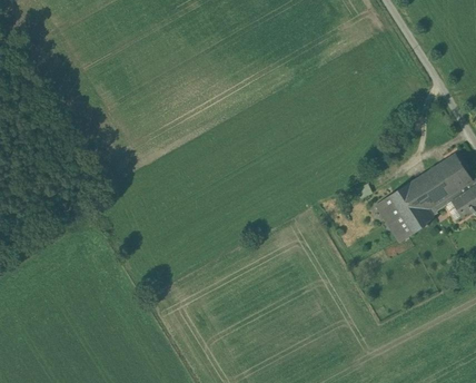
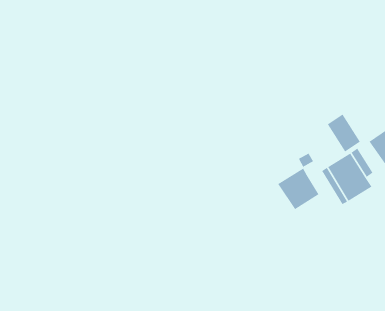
building: none -> [327,113,361,153]
building: none -> [277,167,320,210]

